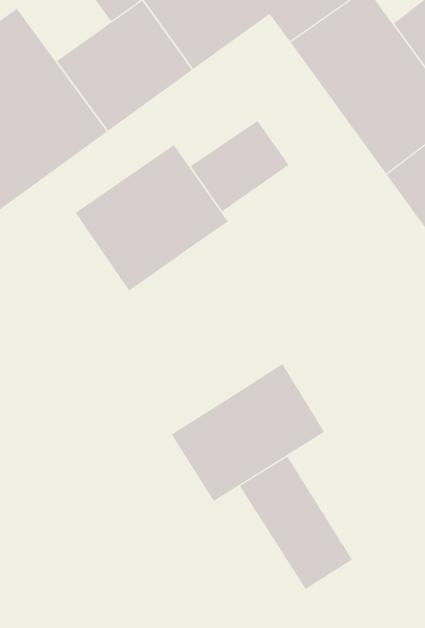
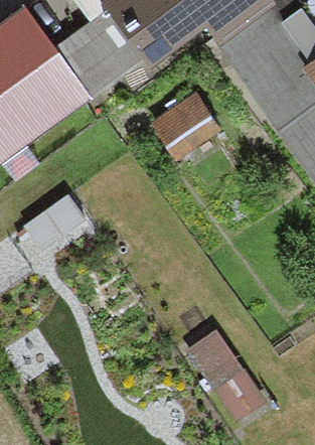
building: [75,144,228,292] -> none
building: [171,363,325,502] -> none

